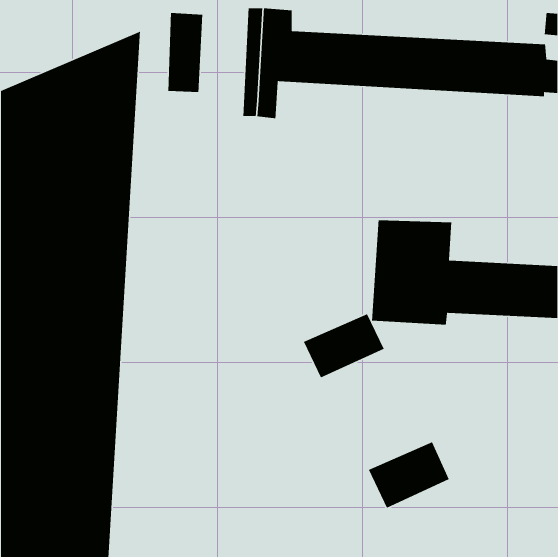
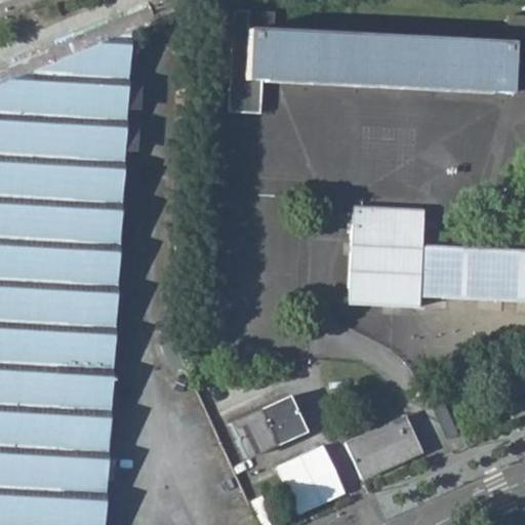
building: [167,12,203,93] -> none
building: [303,313,385,379] -> [229,396,306,457]
building: none -> [276,443,345,513]

